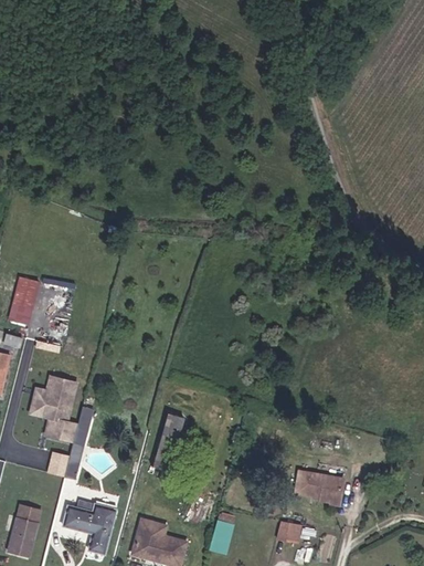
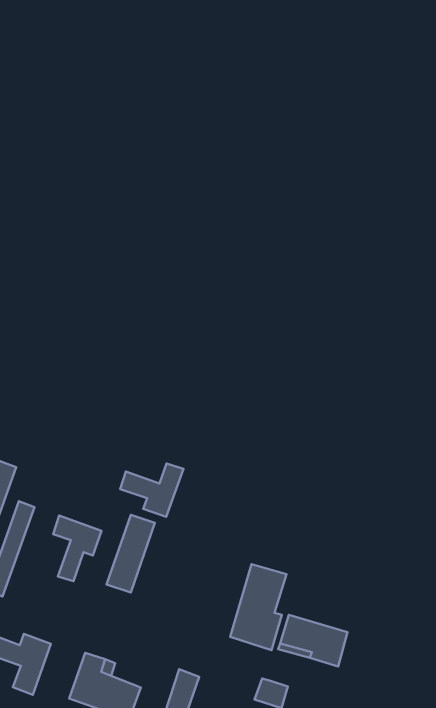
building: none -> [120,463,184,517]
building: none -> [53,515,101,581]
building: none -> [230,564,287,650]

